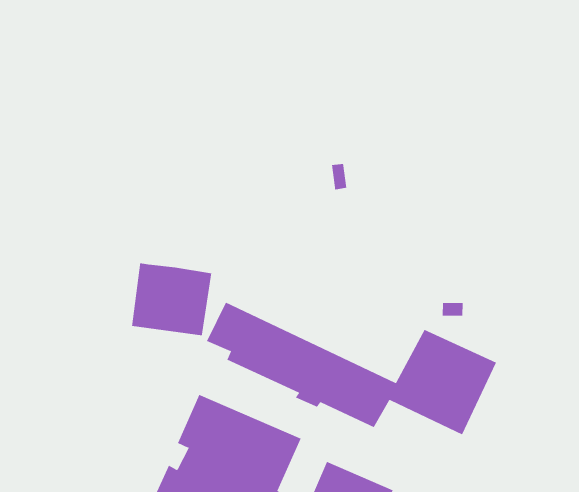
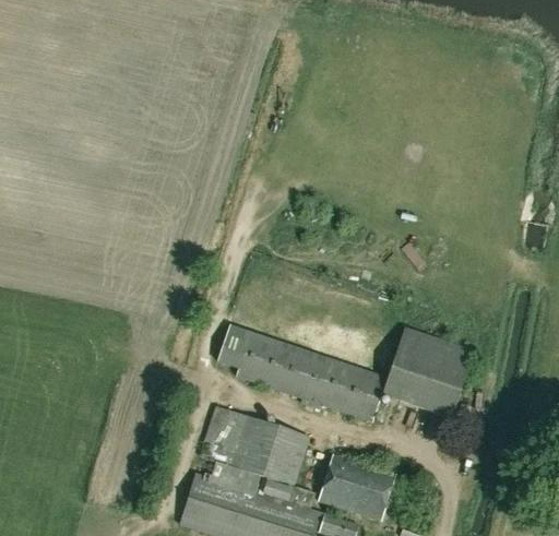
building: [131,262,212,336] -> none

